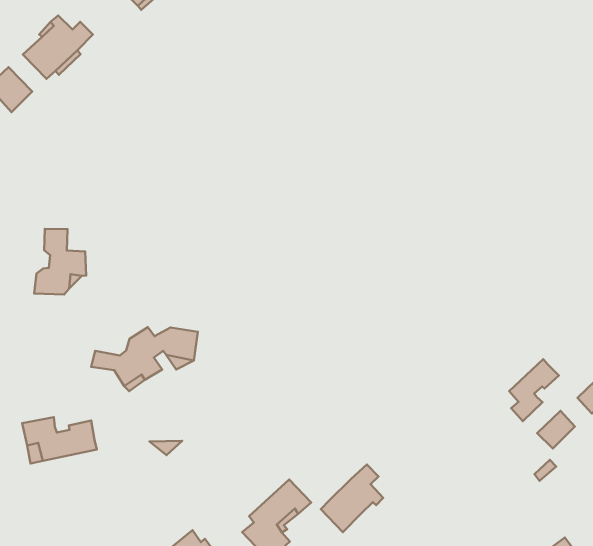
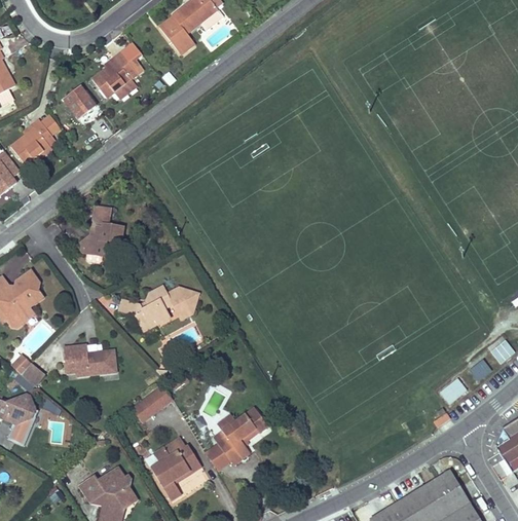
building: [509,359,559,421] -> none
building: none -> [131,385,173,421]
building: [321,464,383,532] -> none

